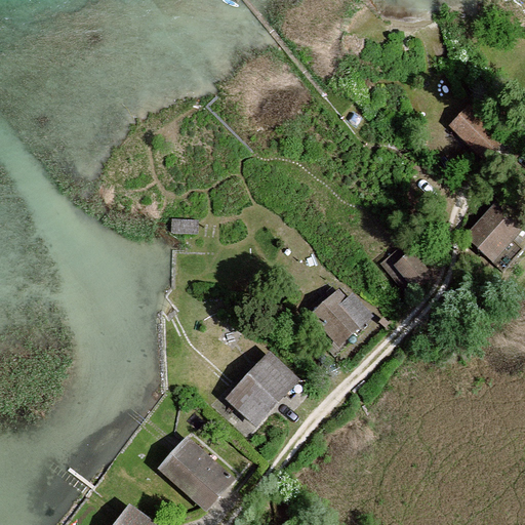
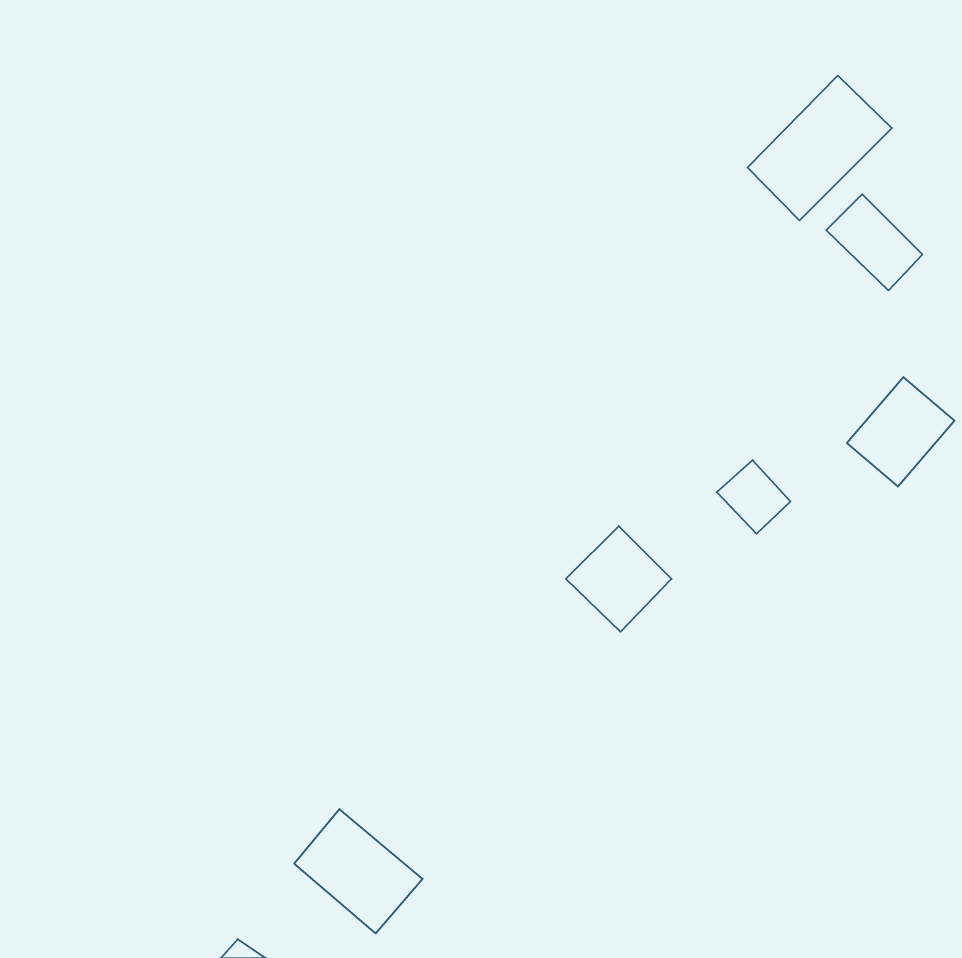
building: none -> [748,76,892,220]
building: [227,355,296,425] -> none

